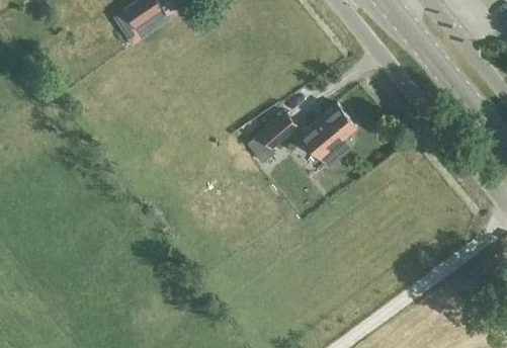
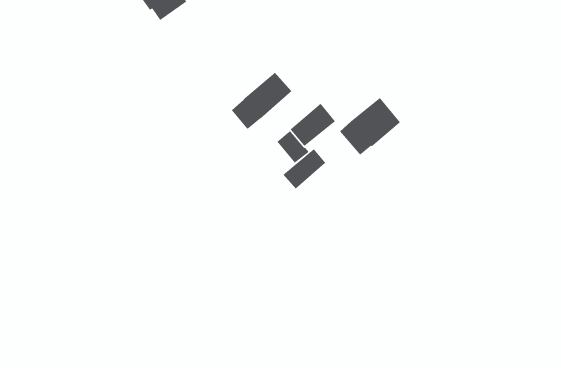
building: none -> [231,72,292,130]
building: none -> [283,149,327,189]

